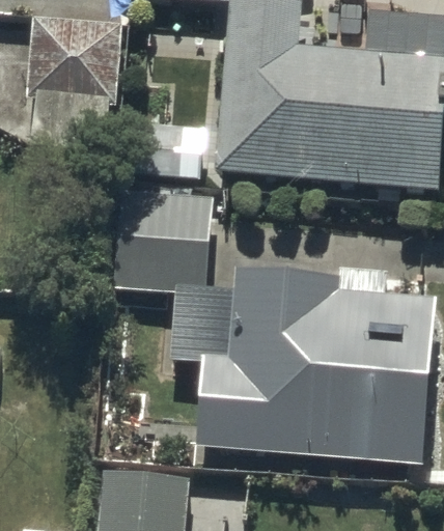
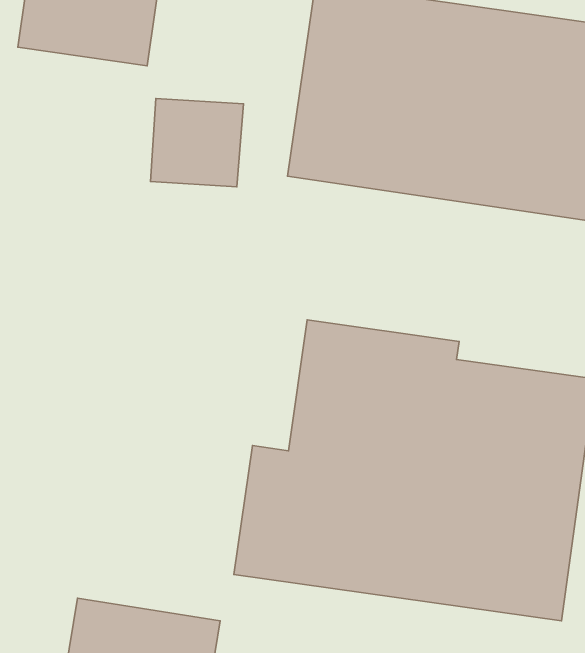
building: [114,189,213,292] -> none

